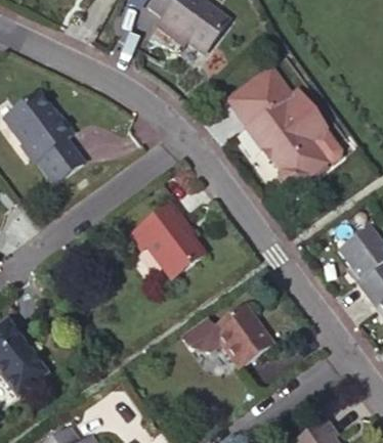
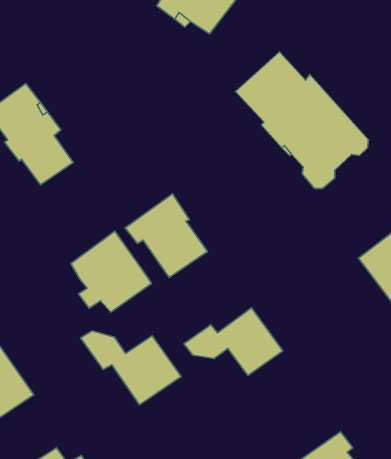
building: none -> [71,231,152,312]
building: none -> [81,331,181,405]

